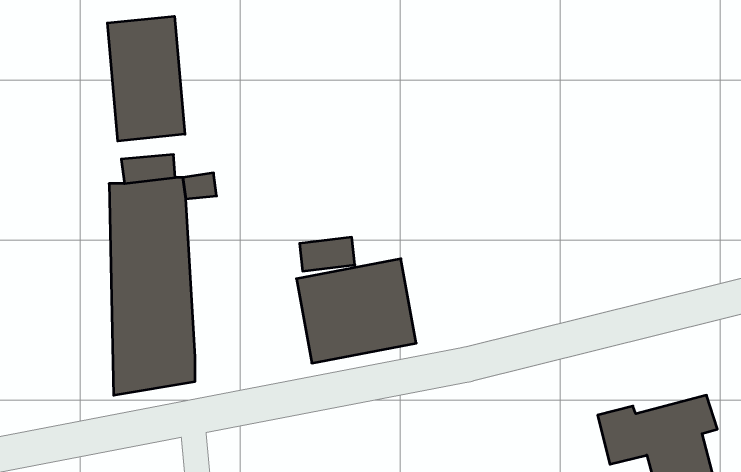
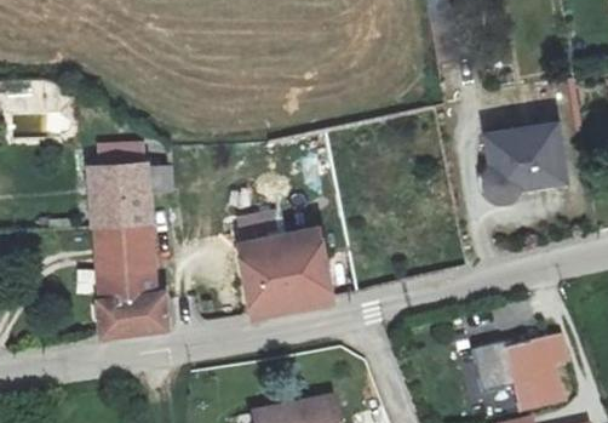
building: [107,16,185,141] -> none
building: none -> [484,124,566,200]

